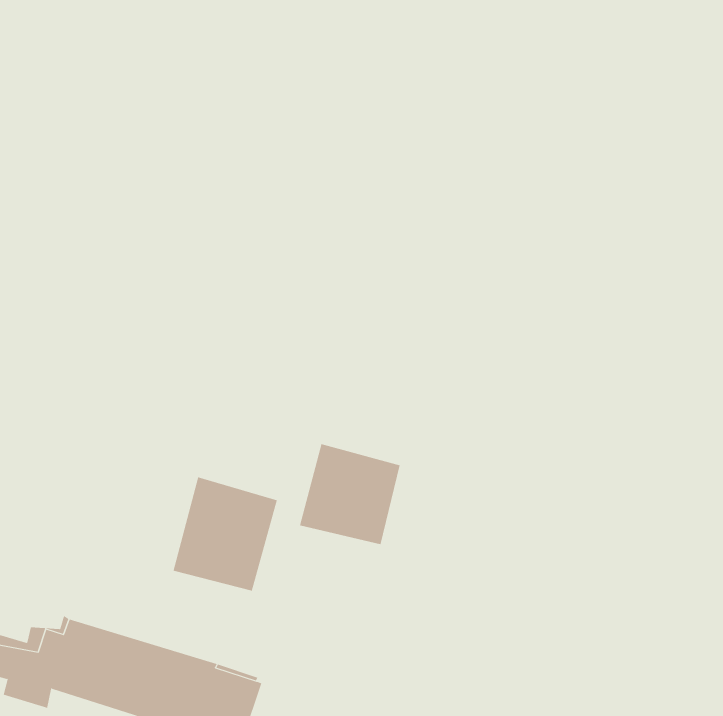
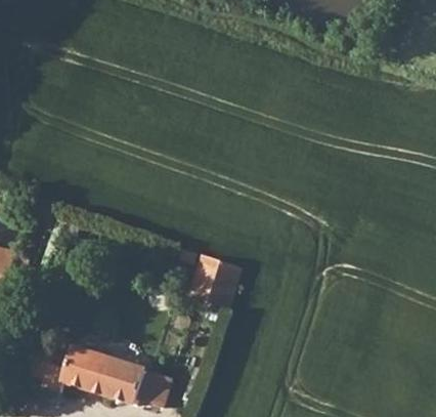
building: [173,477,277,591] -> none

